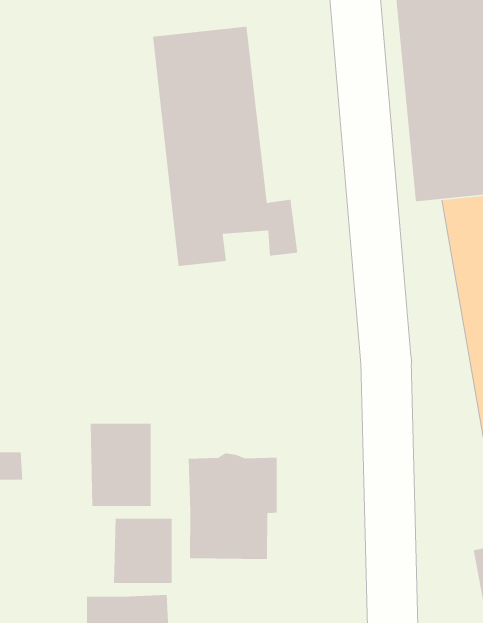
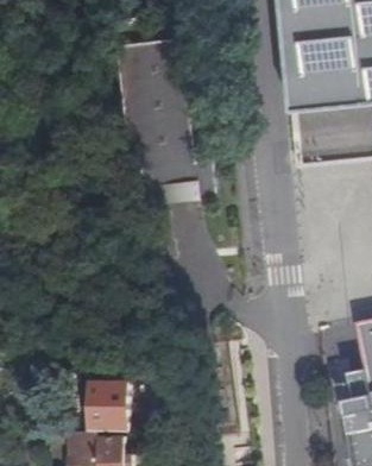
building: [90,423,151,507] -> none
building: [188,453,277,560] -> none

